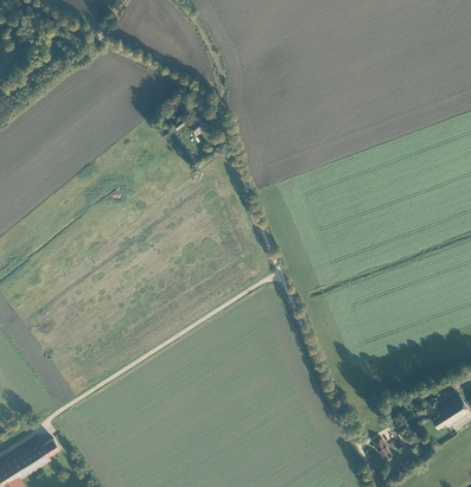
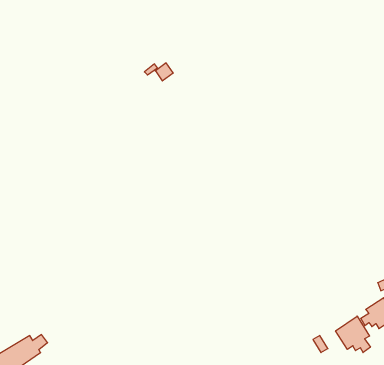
building: none -> [336,316,370,353]

